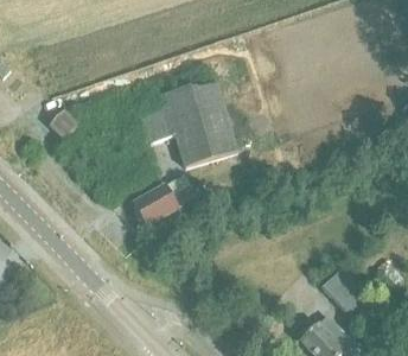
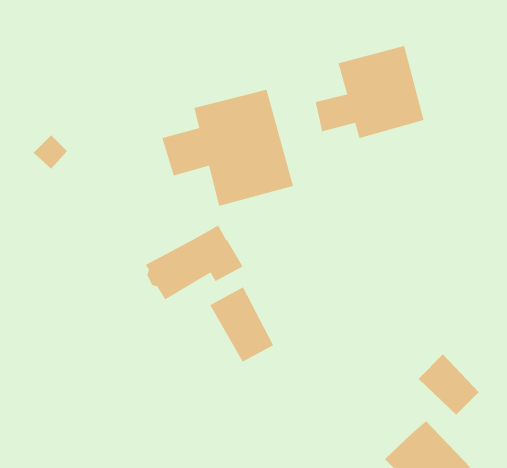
building: none -> [315,45,424,139]
building: none -> [210,286,274,363]

